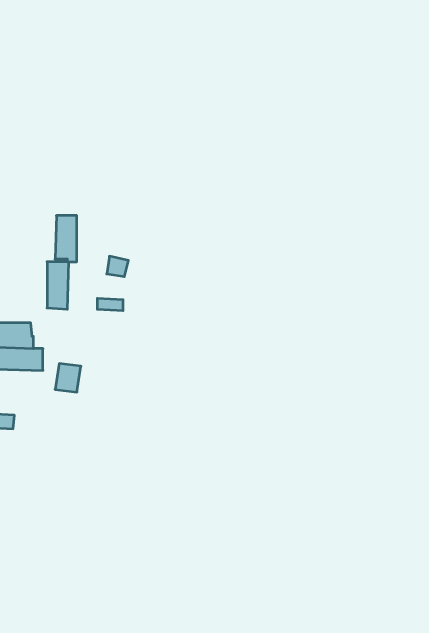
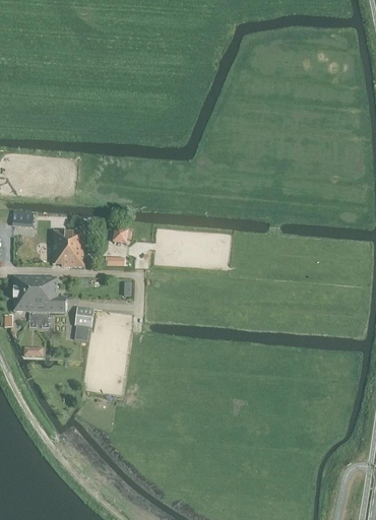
building: [55,216,77,262] -> [52,233,68,267]

